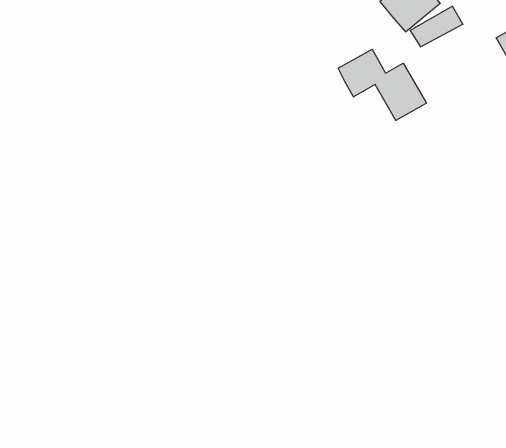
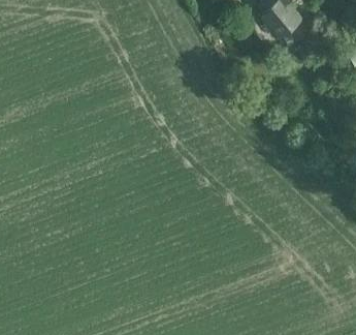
building: [338,49,426,121] -> none

